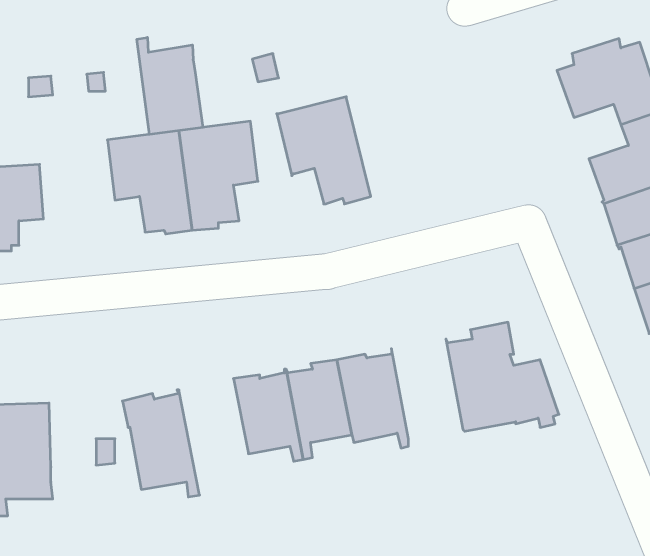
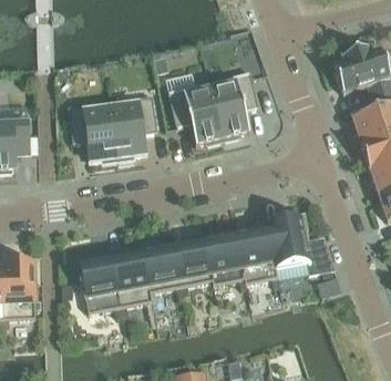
building: [137,37,203,134] -> none
building: none -> [208,70,258,138]
building: none -> [235,223,278,286]
building: none -> [110,246,152,315]

